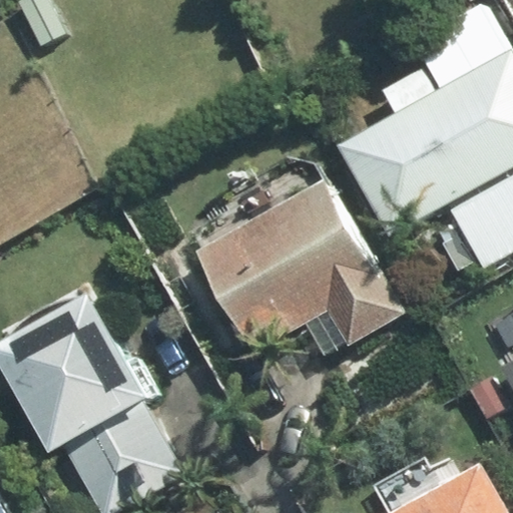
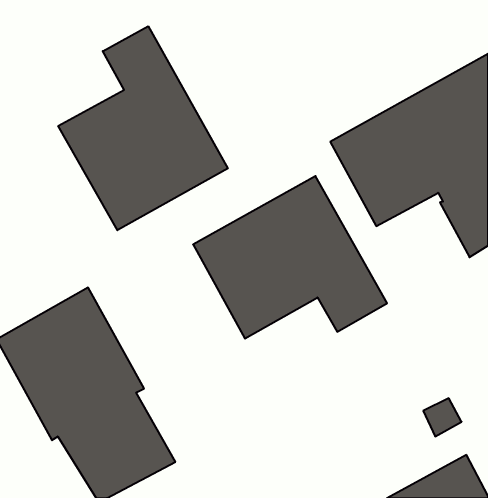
building: none -> [58,26,228,230]

